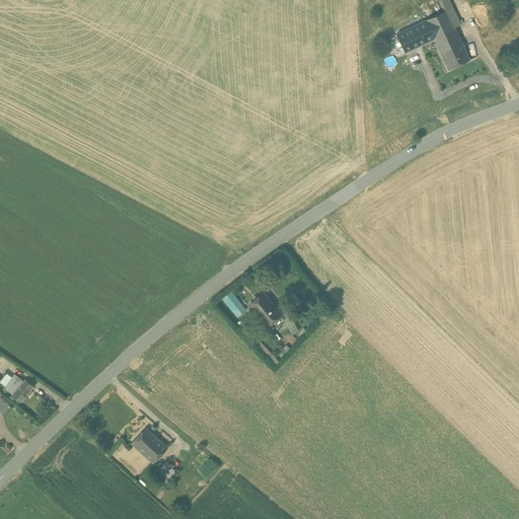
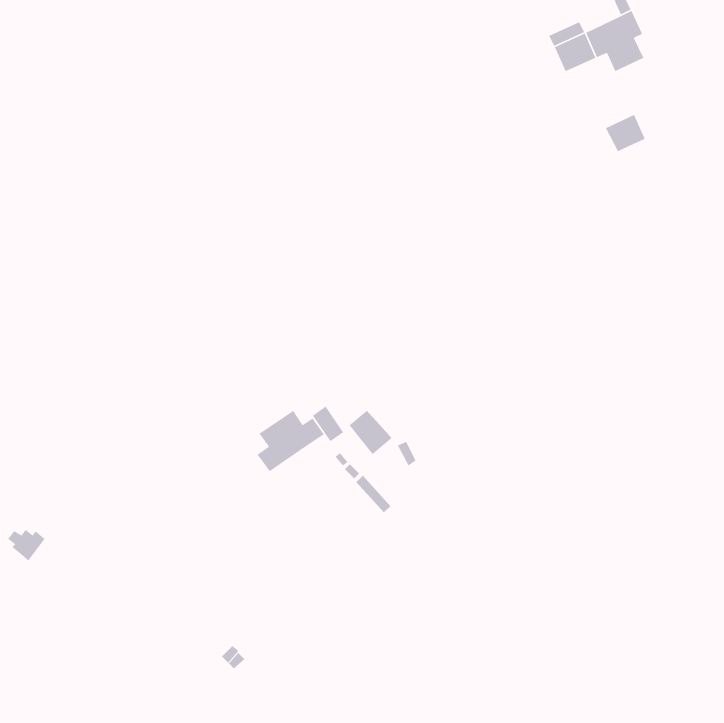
building: [440,42,469,69] -> [605,114,646,152]
building: none -> [257,410,325,472]
building: [132,427,167,462] -> none

